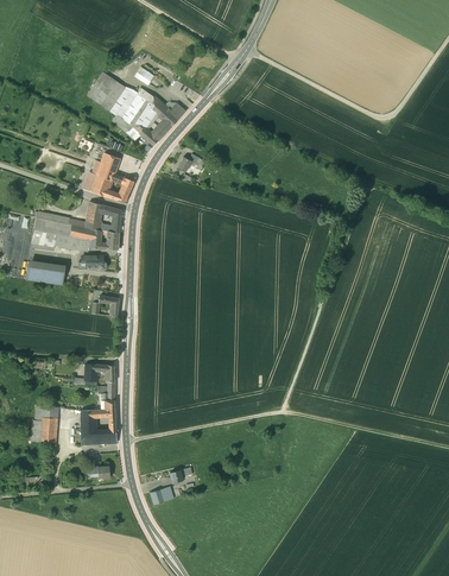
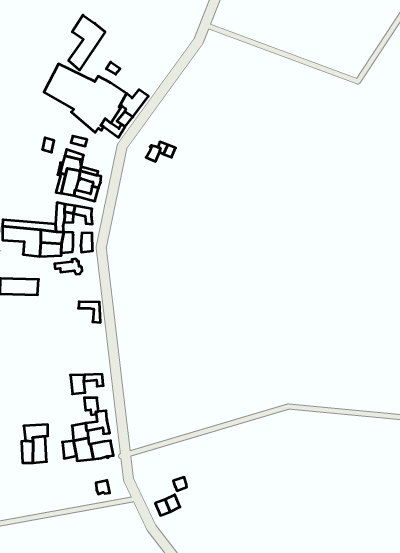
building: none -> [69,15,105,70]

